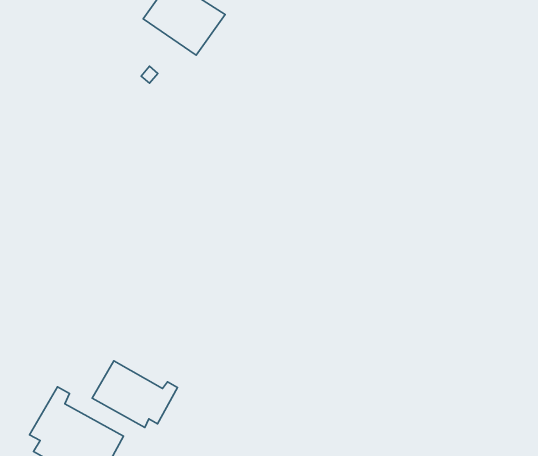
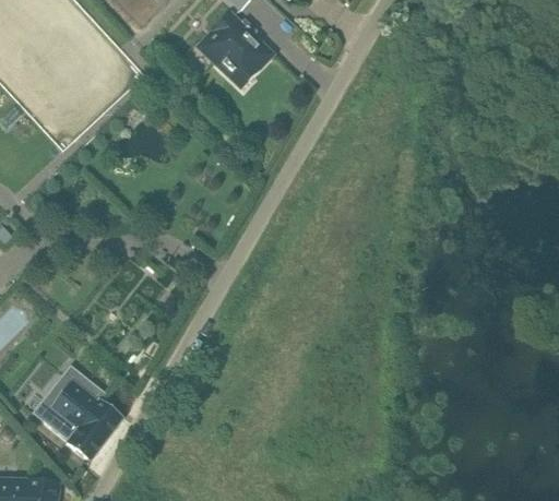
building: [92,361,177,427] -> none

